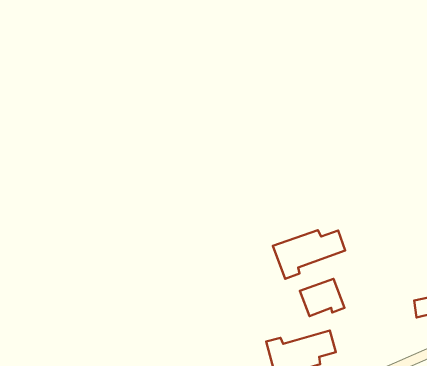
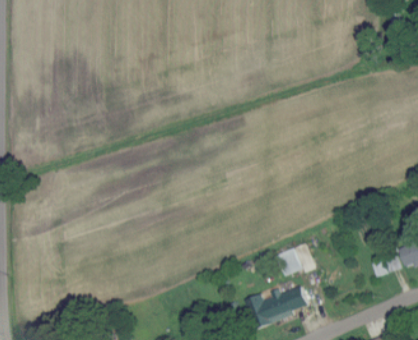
building: [273,230,345,279] -> none

